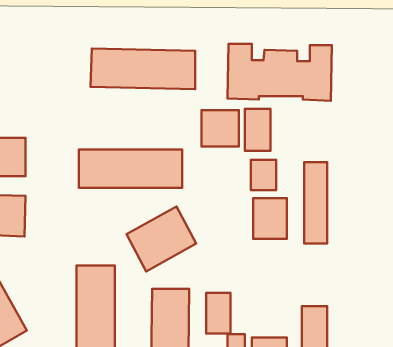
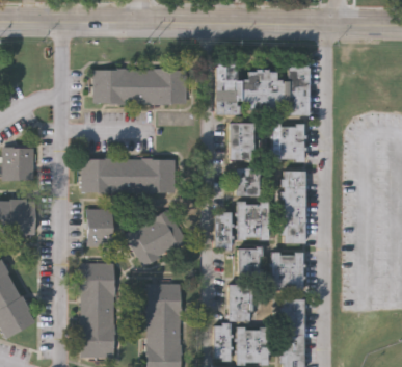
building: none -> [272,124,303,161]
building: [202,110,239,146] -> none
building: none -> [87,209,108,247]
building: none -> [216,213,231,248]
building: none -> [239,247,262,274]
building: none -> [271,252,303,290]
building: [206,293,230,334] -> [230,284,251,320]

